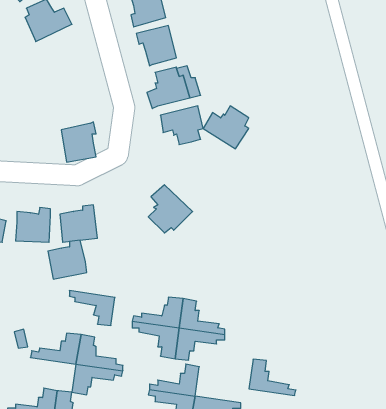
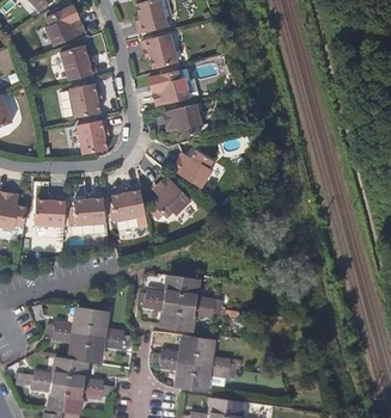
building: none -> [60,44,96,80]
building: none -> [67,81,99,117]
building: [203,106,249,149] -> [172,149,213,188]
building: [48,240,87,279] -> [111,185,146,220]
building: [69,291,115,325] -> [48,328,88,359]
building: [249,359,296,395] -> [195,337,237,369]

